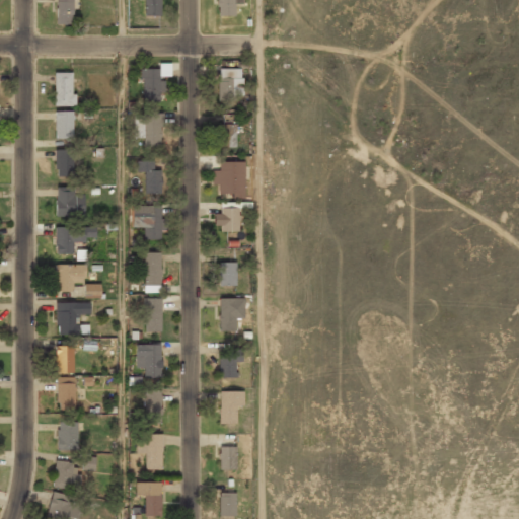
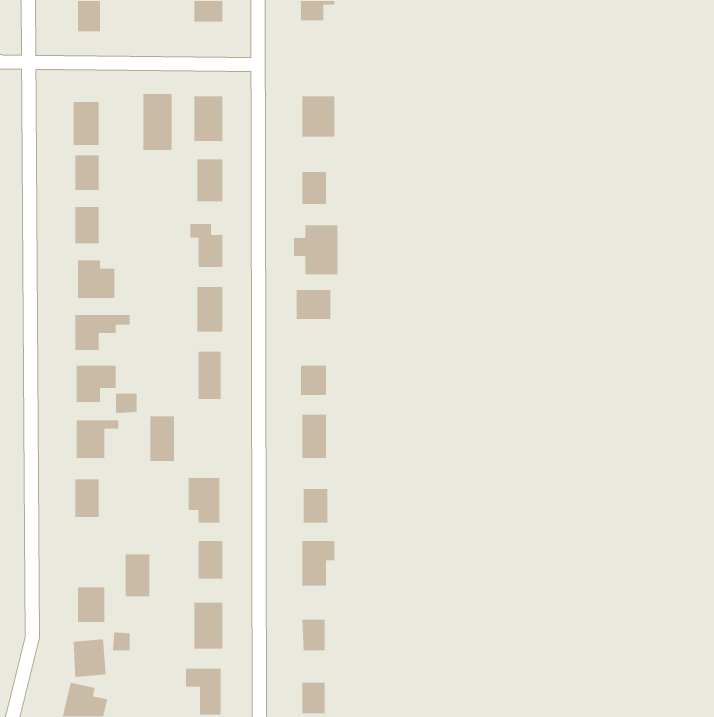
building: none -> [142,93,172,151]
building: [145,299,163,332] -> [149,416,175,462]
building: [58,377,76,409] -> [125,554,150,597]

